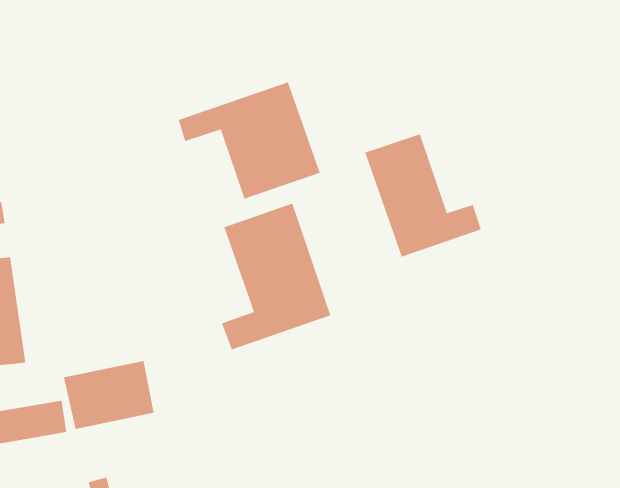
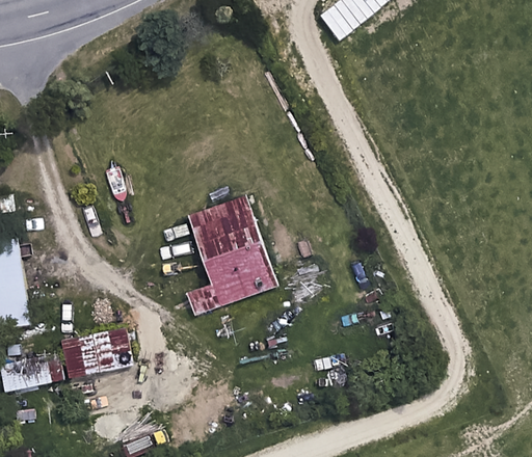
building: [178,81,321,199] -> none
building: [364,133,481,257] -> none

